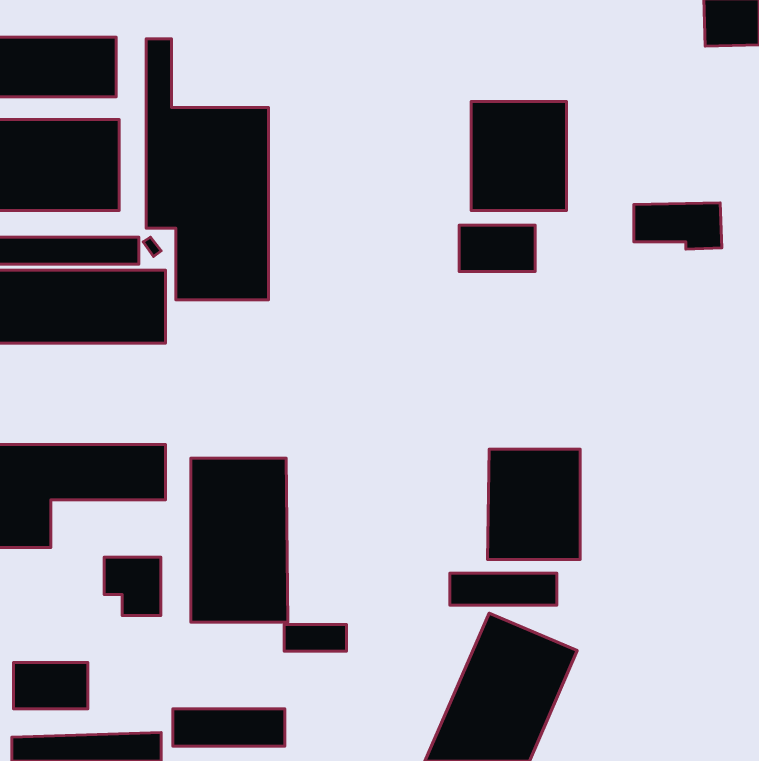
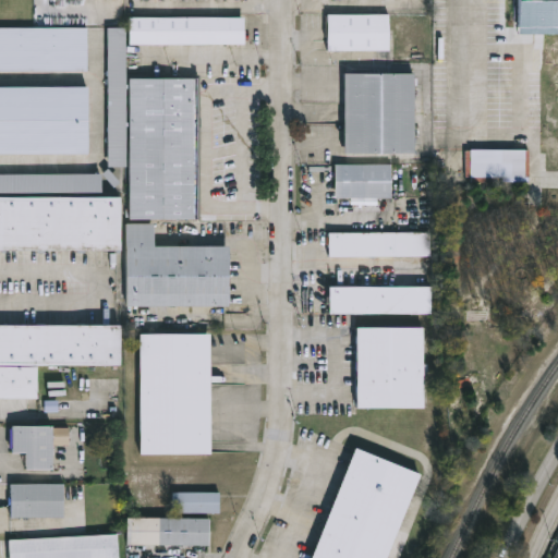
building: none -> [327,14,389,50]
building: none -> [128,17,243,44]
building: none -> [126,223,230,306]
building: none -> [328,232,429,256]
building: none -> [329,287,432,314]
building: [104,557,161,615] -> [12,427,53,470]
building: [450,573,557,605] -> none
building: [284,624,347,651] -> [172,493,218,512]

